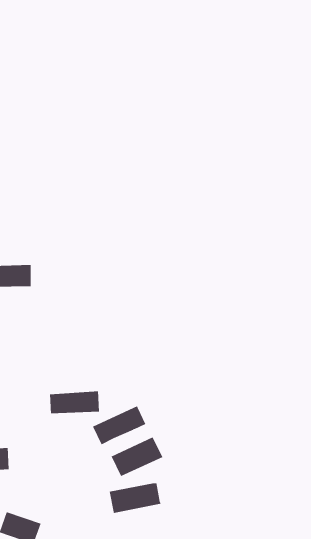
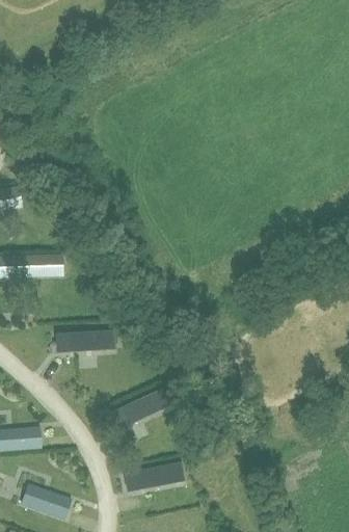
building: [49,391,100,414] -> [63,329,111,351]
building: [111,437,163,477] -> none

